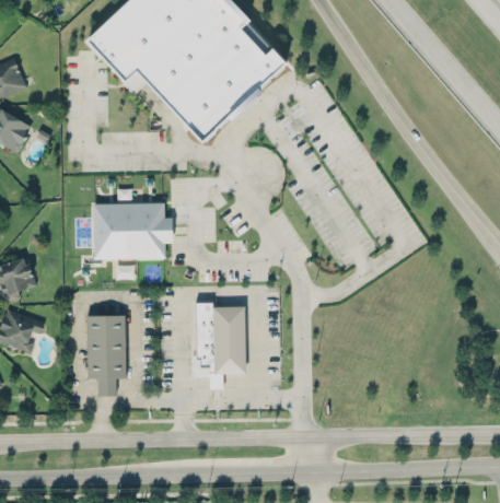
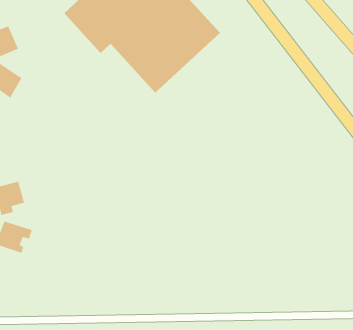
building: [92,202,172,259] -> none
building: [189,301,239,387] -> none
building: [85,314,126,395] -> none

